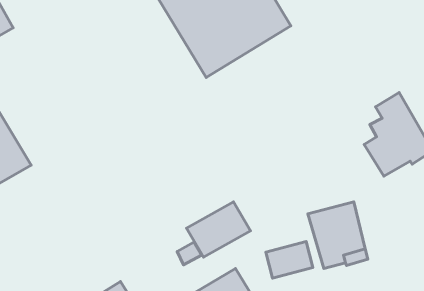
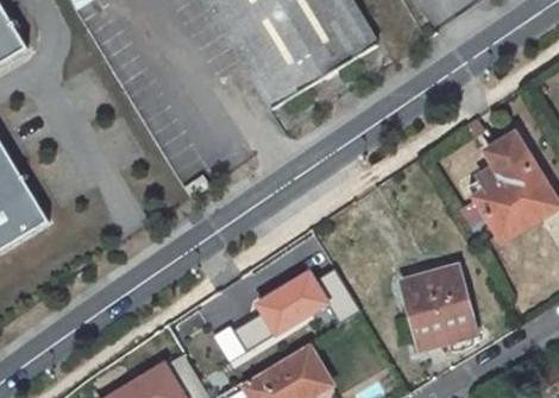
building: [266,241,313,278] -> none

